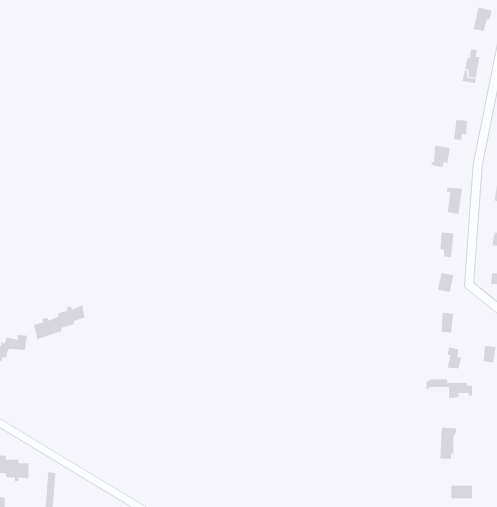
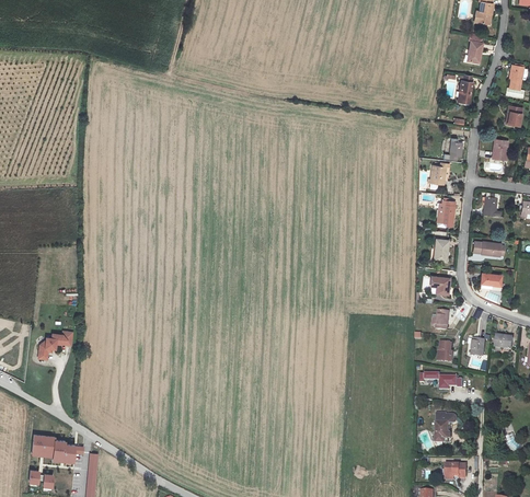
building: [33,305,86,340] -> none

